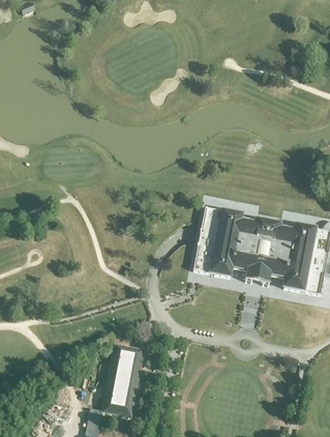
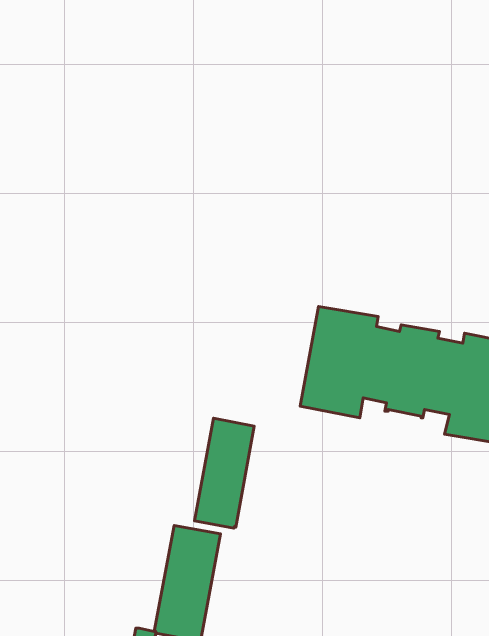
building: none -> [195,418,254,528]

